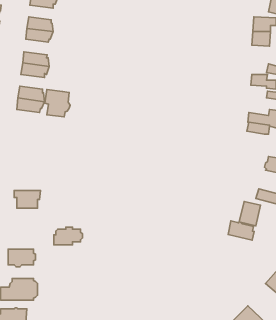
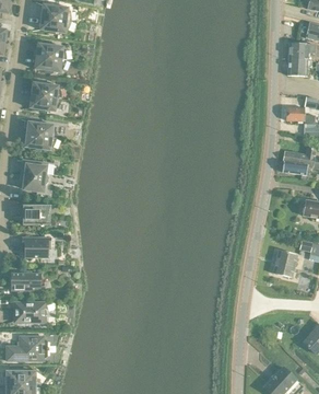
building: [45,90,70,117] -> [21,160,49,190]
building: none -> [23,205,51,224]
building: [228,221,254,240] -> none
building: [54,227,82,245] -> [11,270,43,290]

